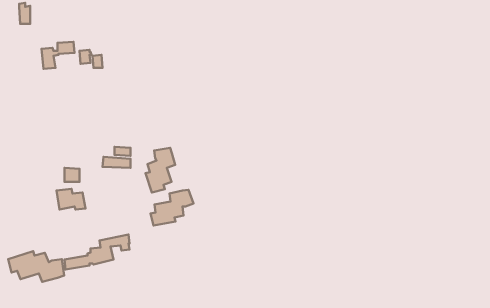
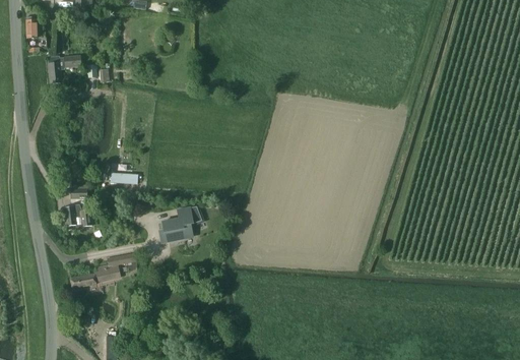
building: [145,148,175,192] -> none
building: [8,251,64,282] -> none

